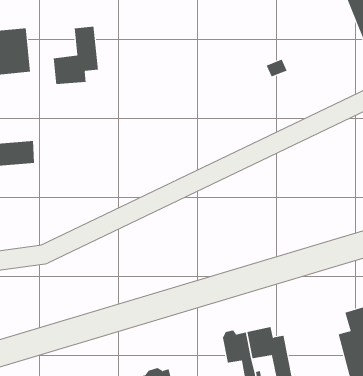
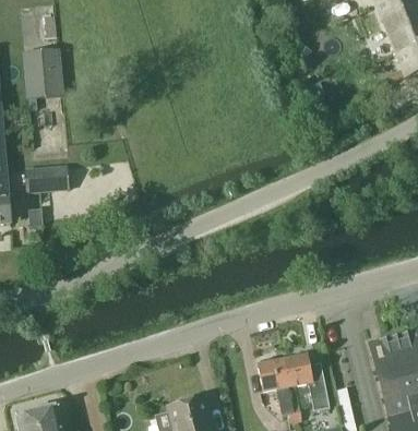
building: [53,26,98,85] -> none

